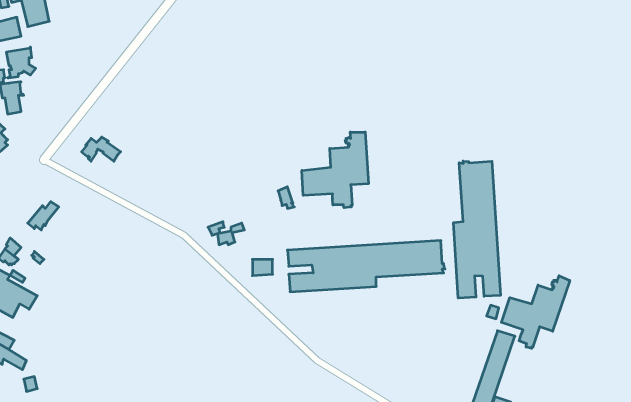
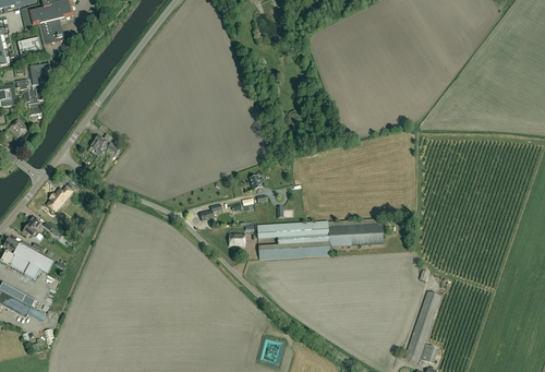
building: [302,132,368,208] -> none
building: [454,161,500,298] -> none
building: [501,276,570,348] -> none

